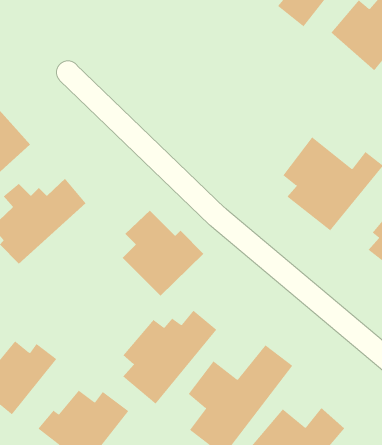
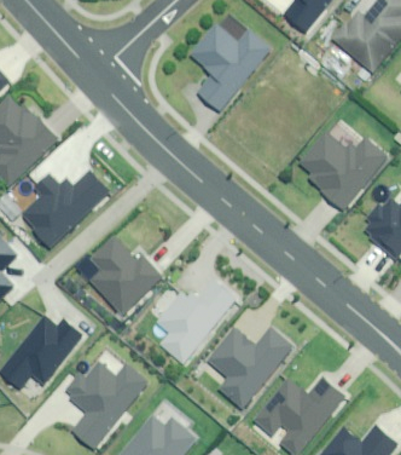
building: none -> [188,24,265,114]
building: [122,210,204,296] -> [88,235,163,313]

